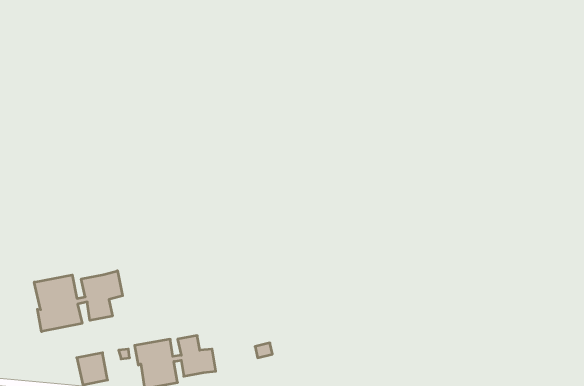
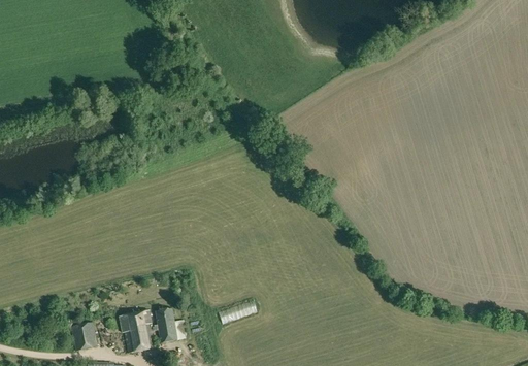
building: [34,271,123,332] -> none

